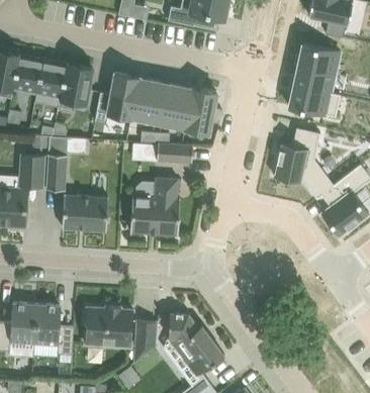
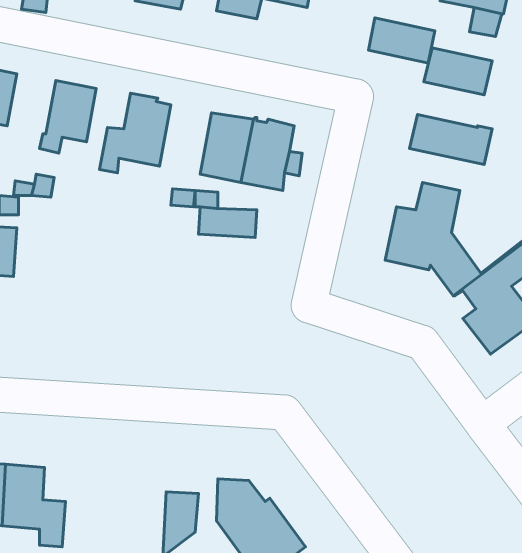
building: [37,61,68,98] -> none
building: [293,66,335,94] -> [368,18,435,63]
building: [132,80,165,123] -> none
building: [45,155,67,191] -> none
building: [130,178,180,235] -> none
building: [62,195,108,231] -> none
building: [84,307,132,349] -> none

